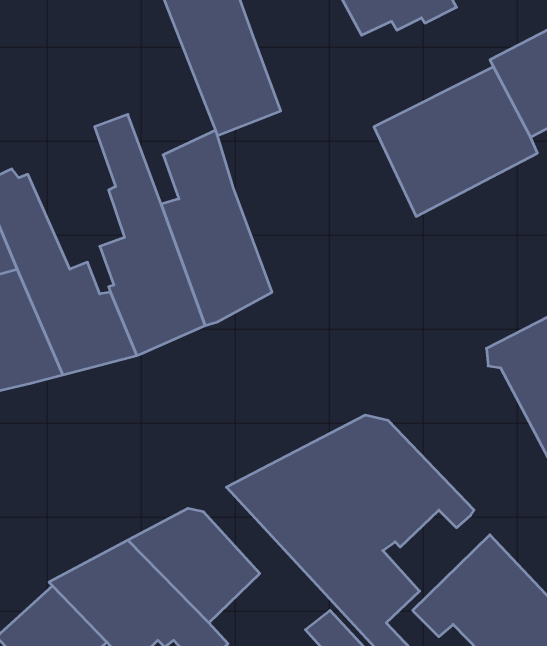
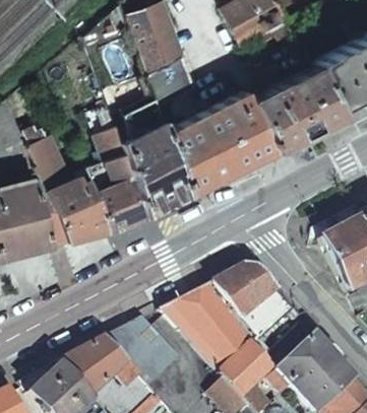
building: none -> [166,91,271,195]

